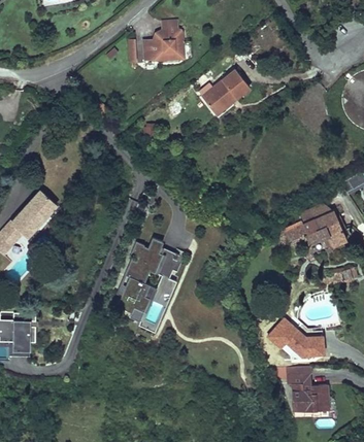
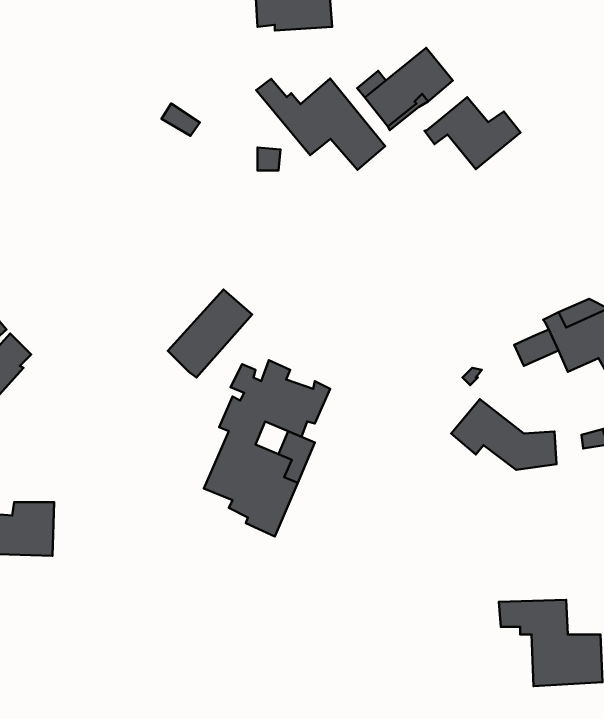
building: none -> [256,79,385,170]
building: none -> [424,97,520,169]
building: [11,191,57,238] -> [168,289,252,378]
building: [267,318,324,356] -> [451,399,556,470]

